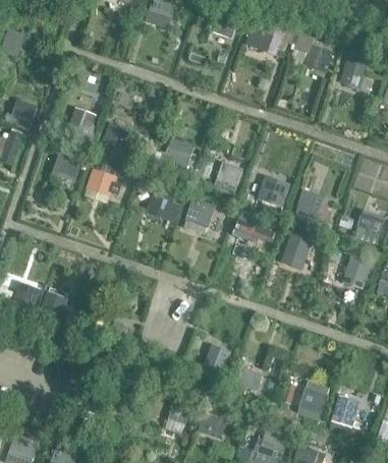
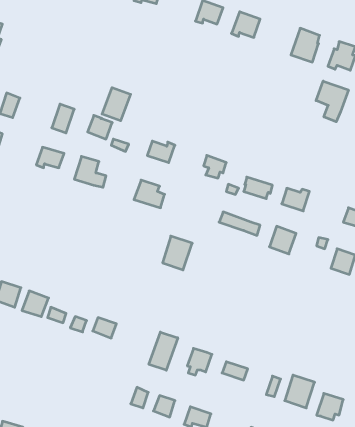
building: none -> [316,81,348,122]
building: none -> [102,88,131,121]
building: [184,200,214,234] -> [163,236,192,270]
building: none -> [149,332,178,370]

